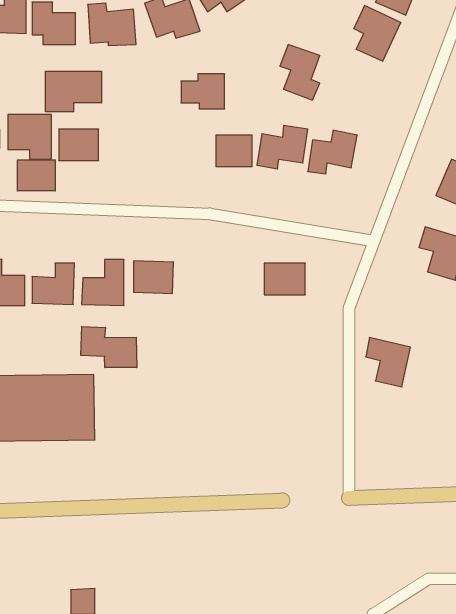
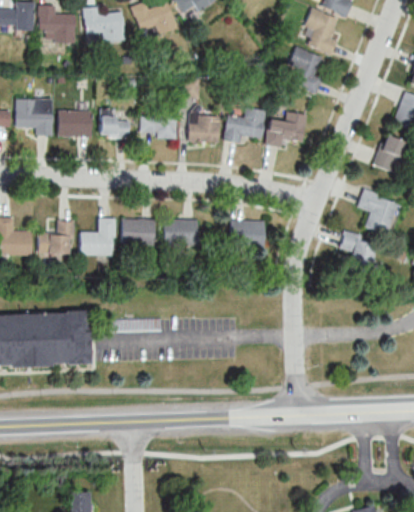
building: [280,45,320,100] -> [289,47,322,93]
building: [46,71,101,112] -> none
building: [181,74,225,109] -> [142,109,178,138]
building: none -> [101,116,131,137]
building: [17,160,55,191] -> none
building: none -> [164,220,197,245]
building: [81,326,137,368] -> none
building: [366,337,410,387] -> [340,233,377,274]

